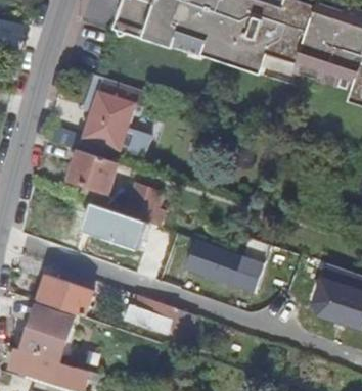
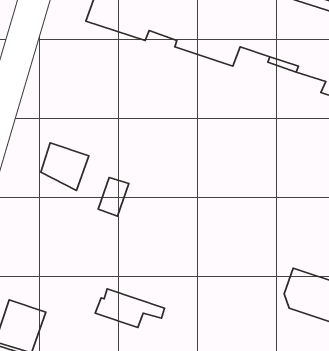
building: [83,79,149,150] -> none
building: [82,205,145,250] -> none
building: [185,240,263,293] -> none
building: [37,276,93,317] -> none

